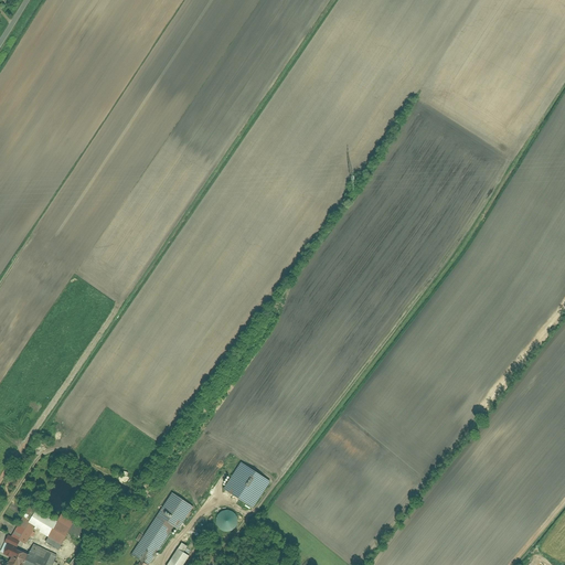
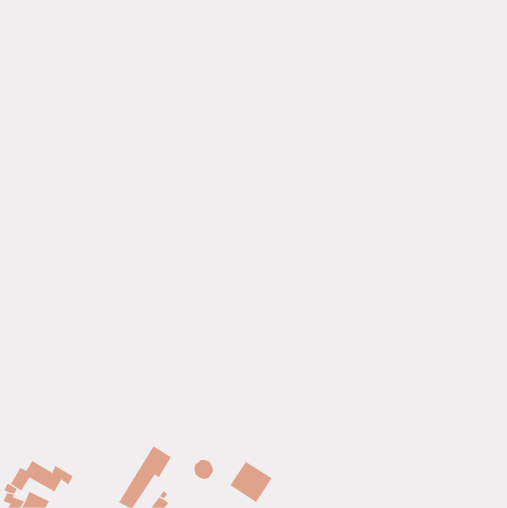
building: [222,462,269,509] -> [230,461,272,503]

